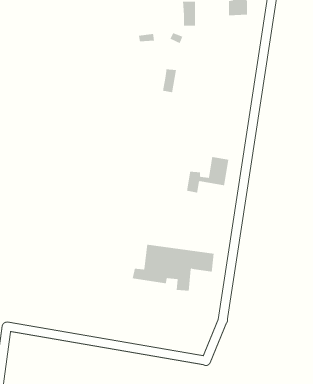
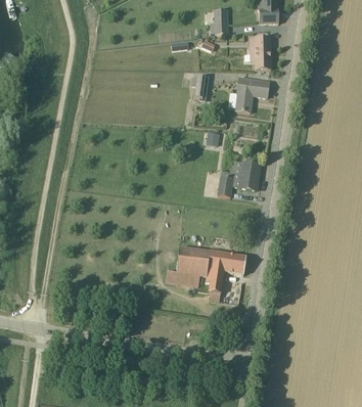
building: none -> [250,37,270,69]
building: none -> [235,77,269,110]

